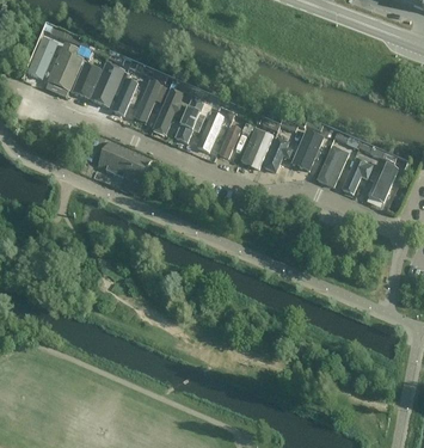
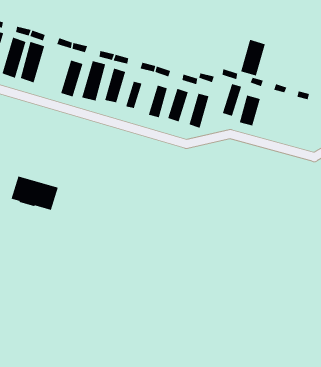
building: [112,72,146,118] -> none
building: [98,139,150,180] -> [11,176,59,211]
building: [343,155,374,196] -> [240,39,266,77]
building: [369,161,398,200] -> none

